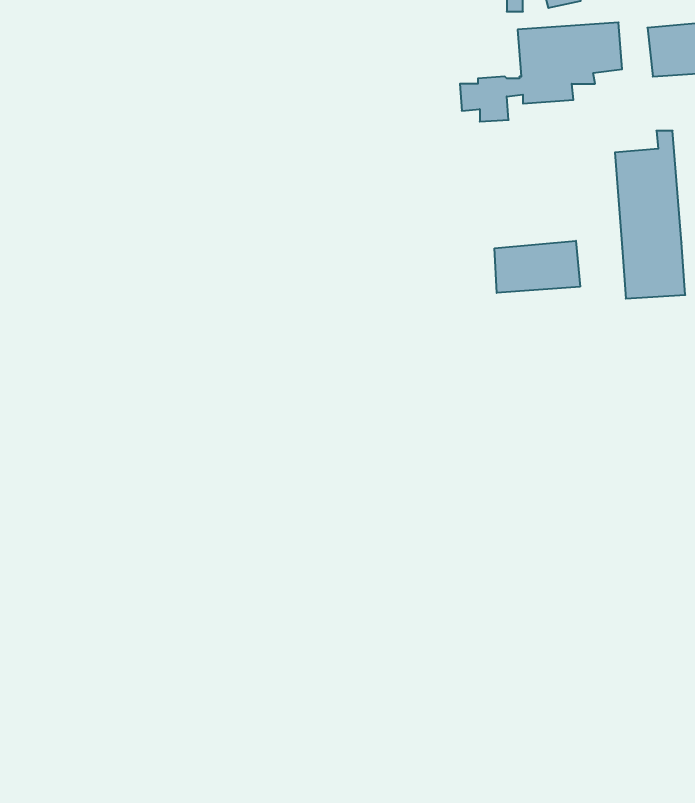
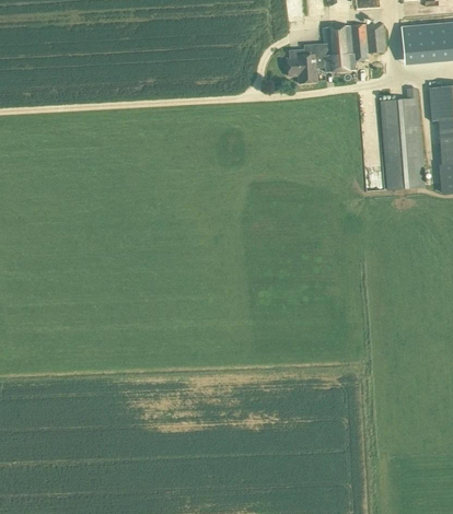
building: [495,241,580,293] -> none

